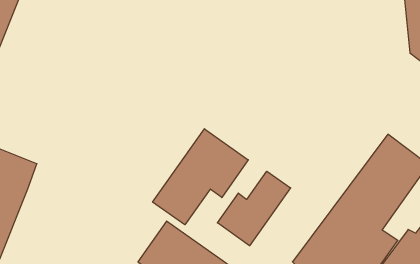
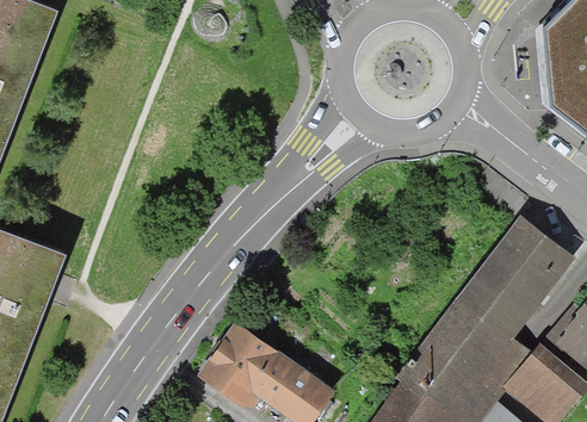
building: [153,129,248,225] -> none
building: [217,171,291,246] -> none

